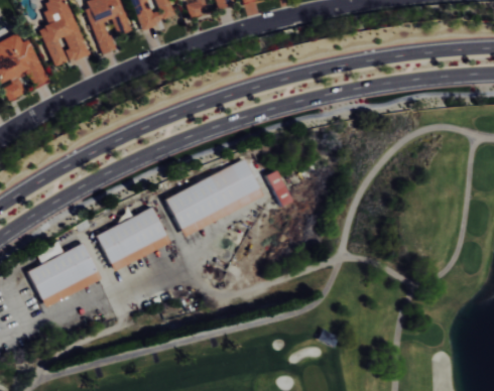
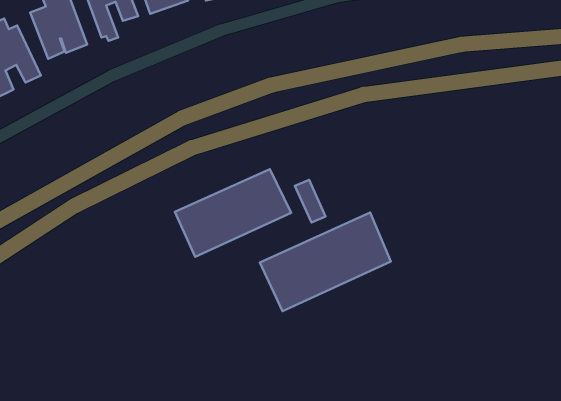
building: none -> [260,213,391,311]
building: [96,209,169,269] -> none
building: [27,244,101,306] -> none

